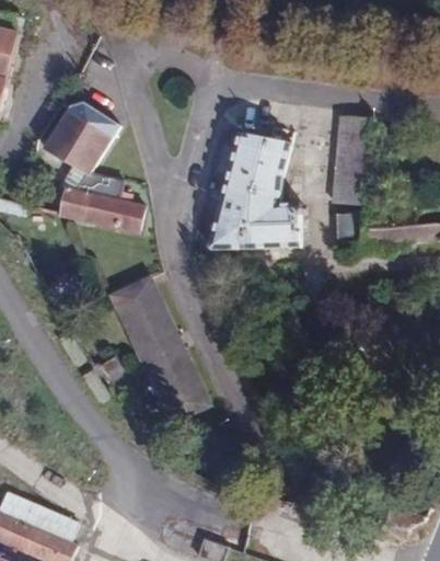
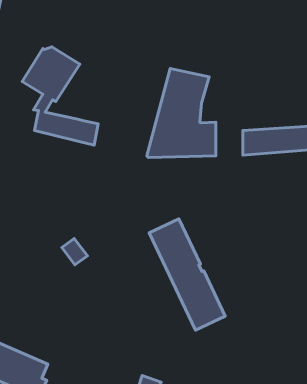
building: [331,117,371,205] -> none
building: [108,276,209,424] -> [149,219,225,330]

